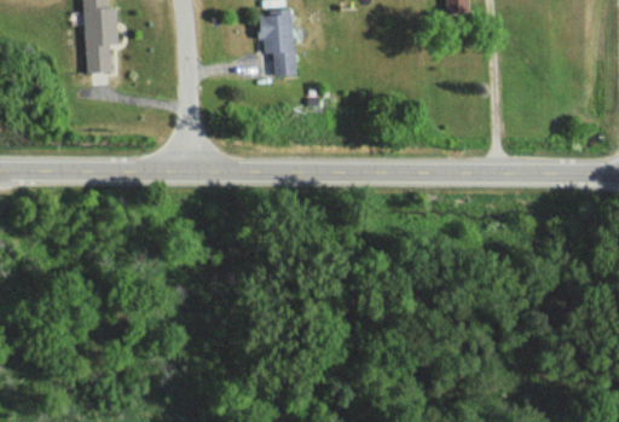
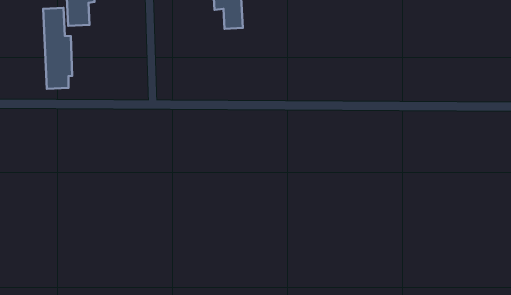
building: none -> [43,8,72,89]

